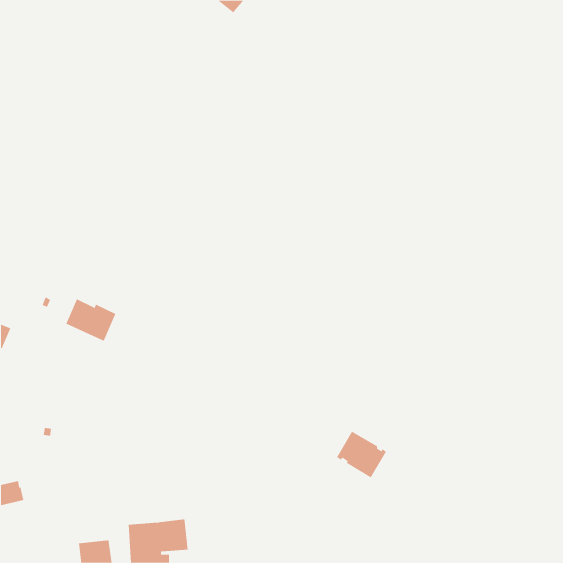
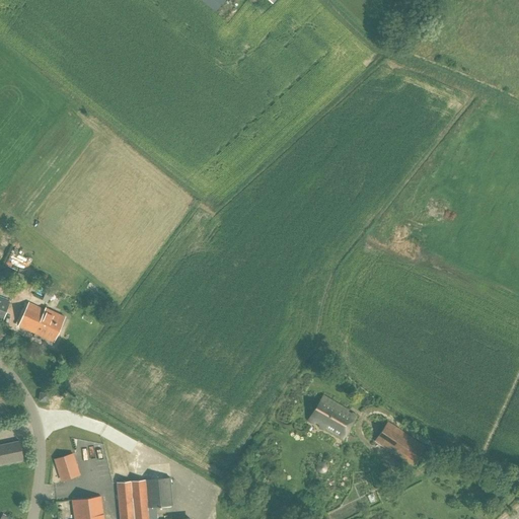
building: [66,298,116,341] -> [18,303,65,343]
building: none -> [374,422,426,466]
building: none -> [55,454,79,480]

